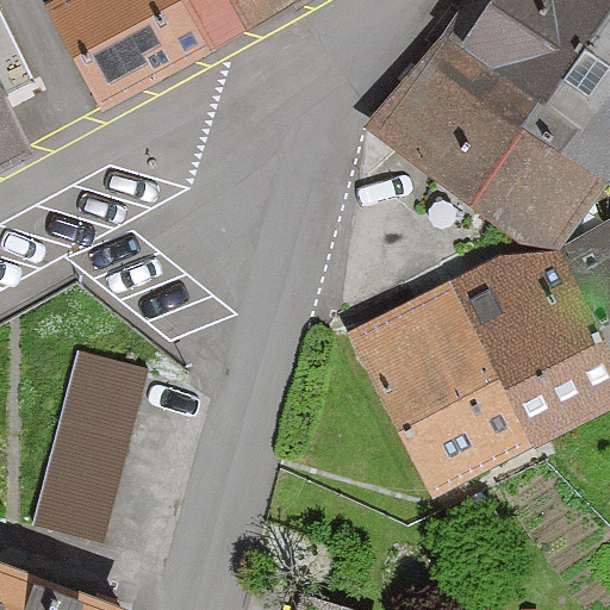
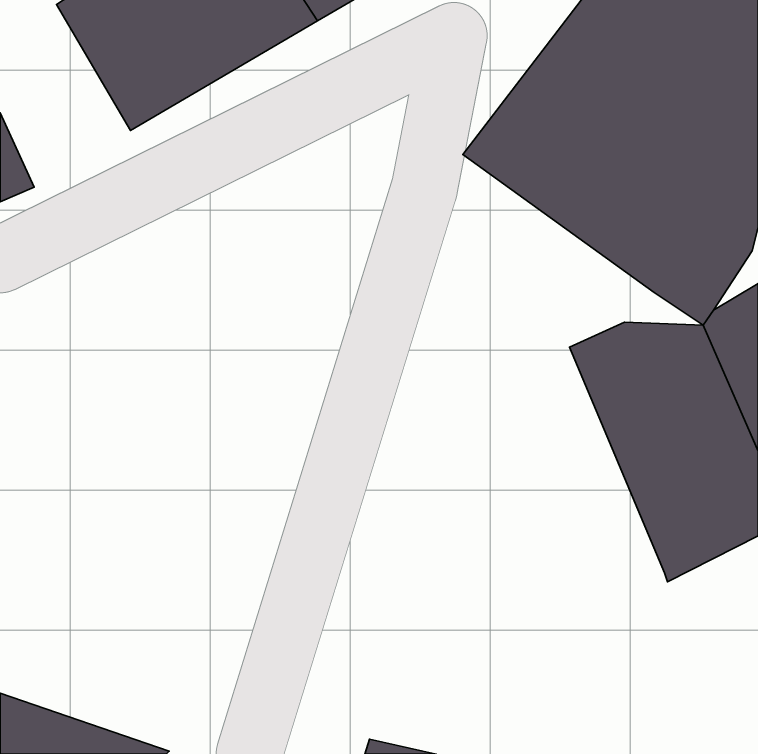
building: [346,279,534,511] -> none
building: [31,347,148,537] -> none

